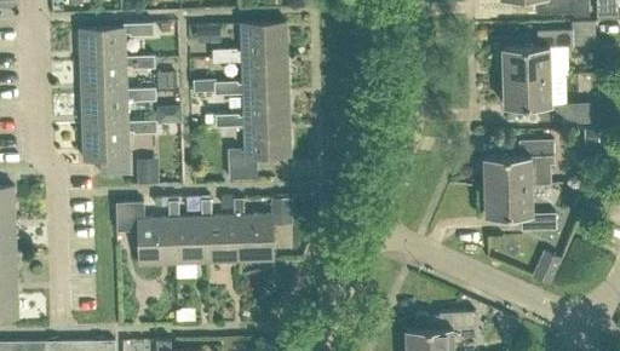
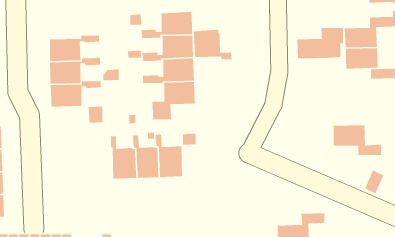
building: [80,24,153,63] -> none
building: none -> [193,29,233,60]
building: [486,140,553,186] -> [296,27,344,59]
building: [116,202,172,265] -> none

